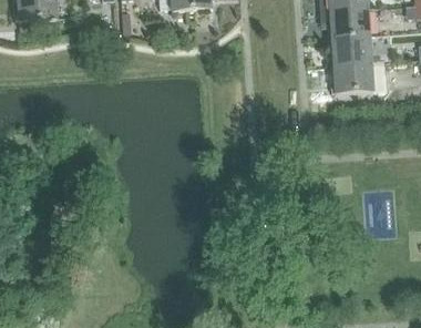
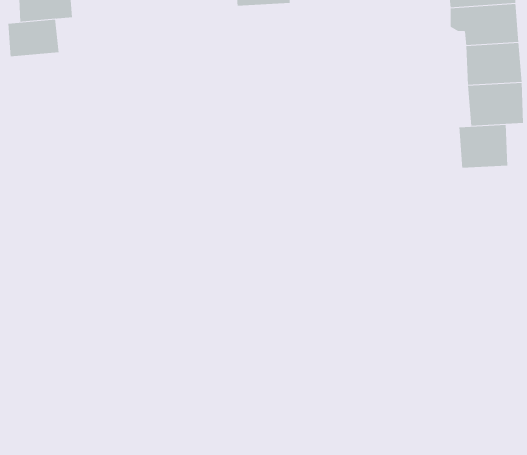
building: none -> [8,19,59,57]
building: none -> [459,124,508,169]

